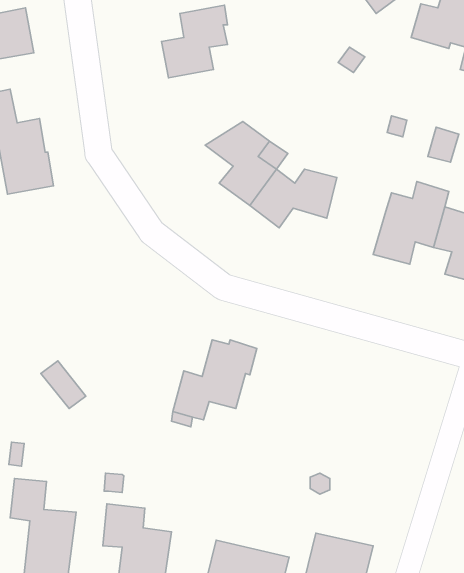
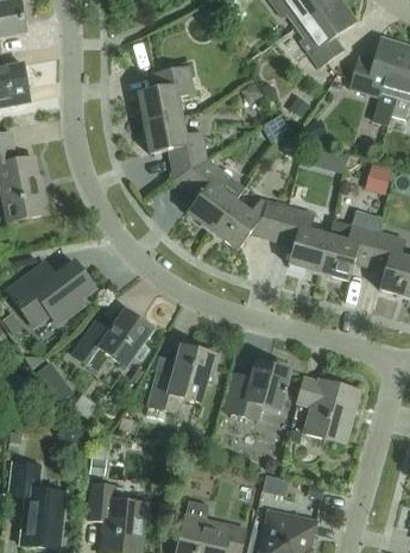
building: none -> [144,114,207,178]
building: none -> [278,206,328,271]
building: none -> [7,260,94,325]
building: none -> [72,309,152,371]
building: none -> [223,360,290,419]
building: none -> [296,375,359,442]

